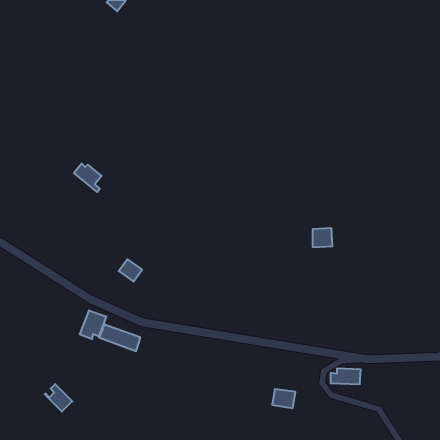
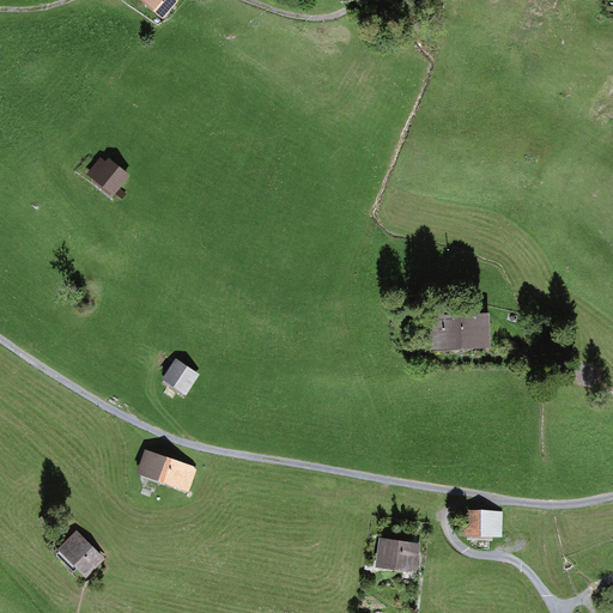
building: [74,164,102,192] -> [90,159,128,199]
building: none -> [461,317,488,342]
building: [80,310,106,339] -> none

